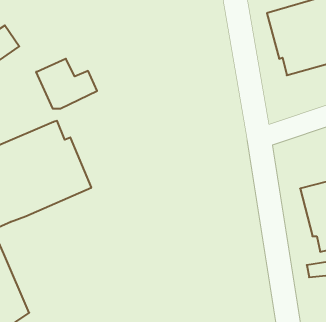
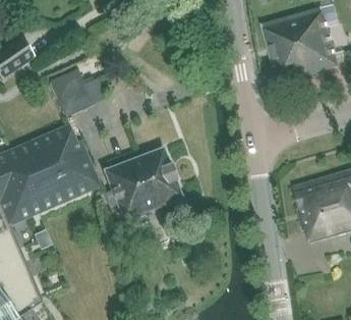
building: none -> [103,146,182,219]

